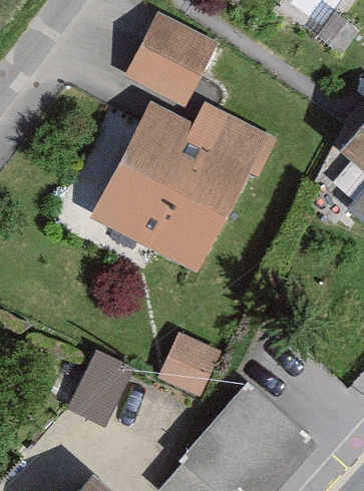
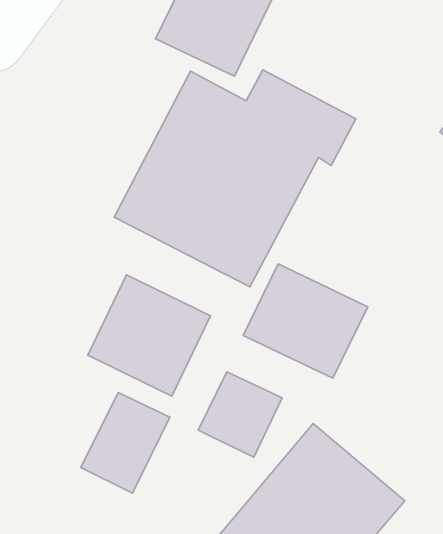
building: none -> [243,264,368,378]
building: none -> [88,275,211,396]

